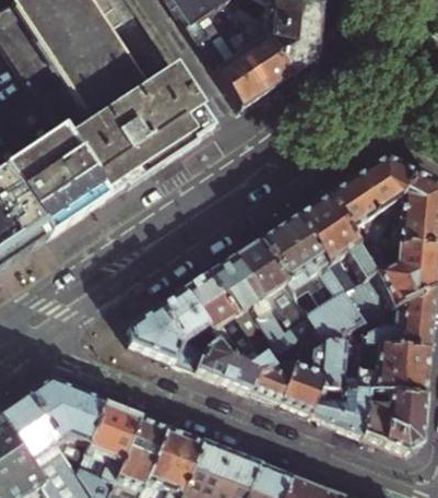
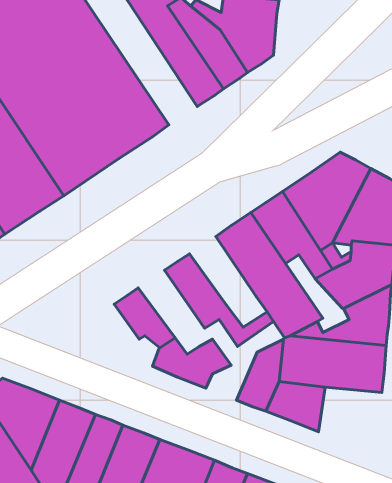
building: [234,239,300,311] -> none
building: [182,273,248,357] -> none
building: [129,307,204,369] -> none
building: [250,355,301,403] -> none
building: [363,390,426,452] -> none

